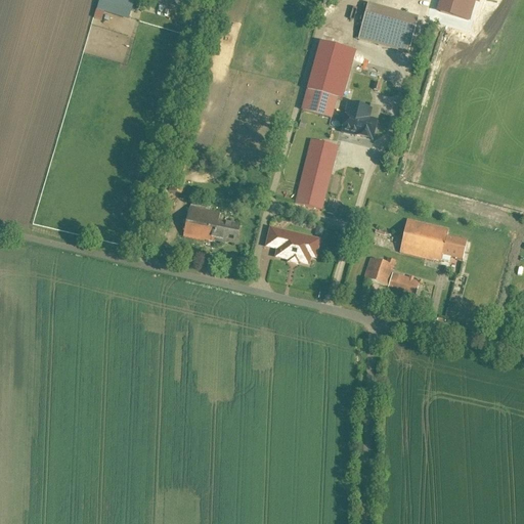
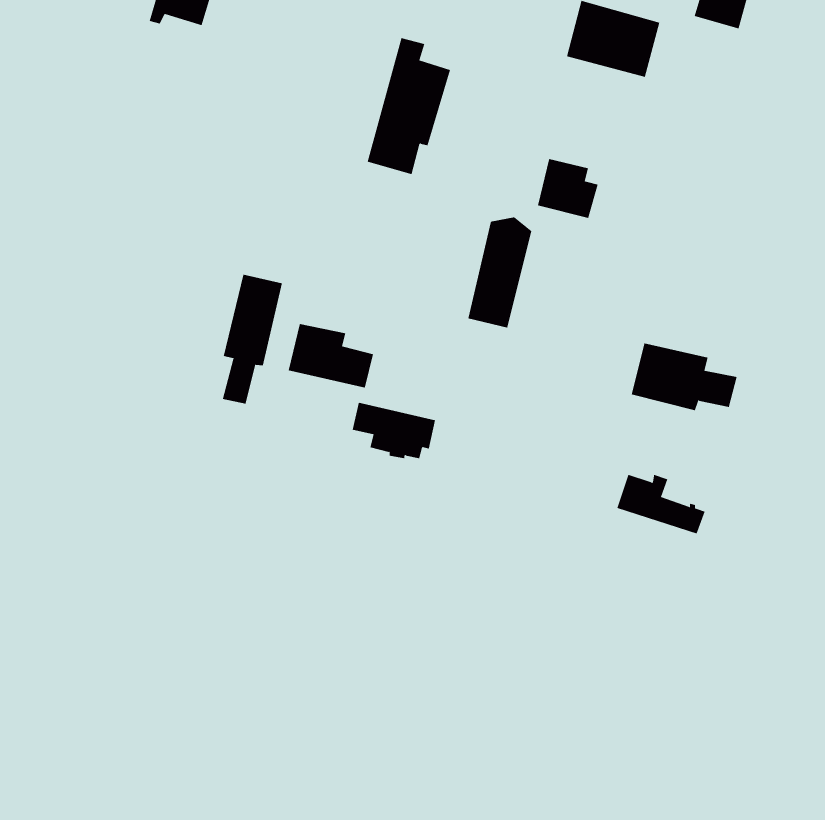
building: [303,29,356,116] -> [367,37,451,175]
building: none -> [222,274,282,405]
building: [264,227,317,263] -> [352,402,436,459]
building: [363,256,420,294] -> [616,474,705,534]

